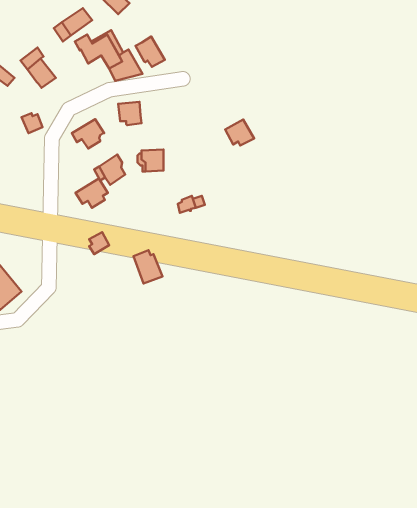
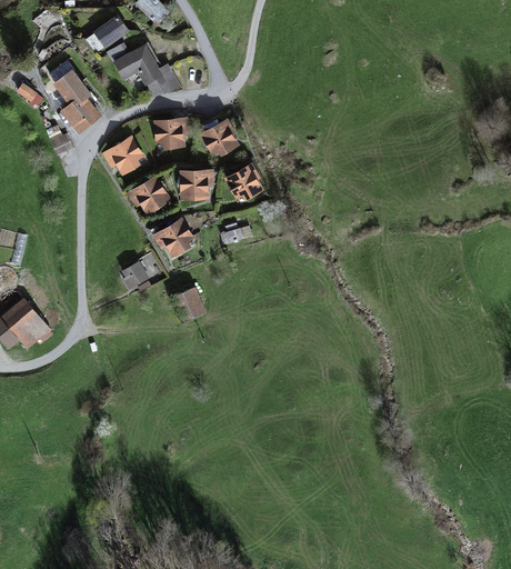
building: [136,37,165,67] -> none
building: none -> [61,91,99,130]
building: none -> [199,114,236,151]
building: [225,119,254,146] -> [229,168,261,197]
building: [76,179,108,208] -> [156,221,191,253]

